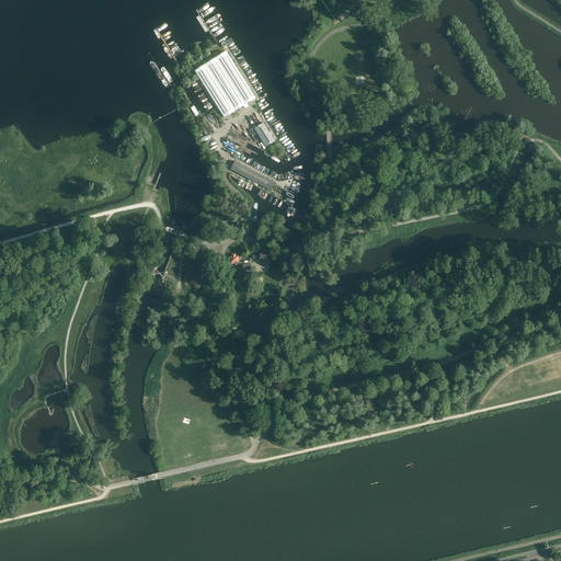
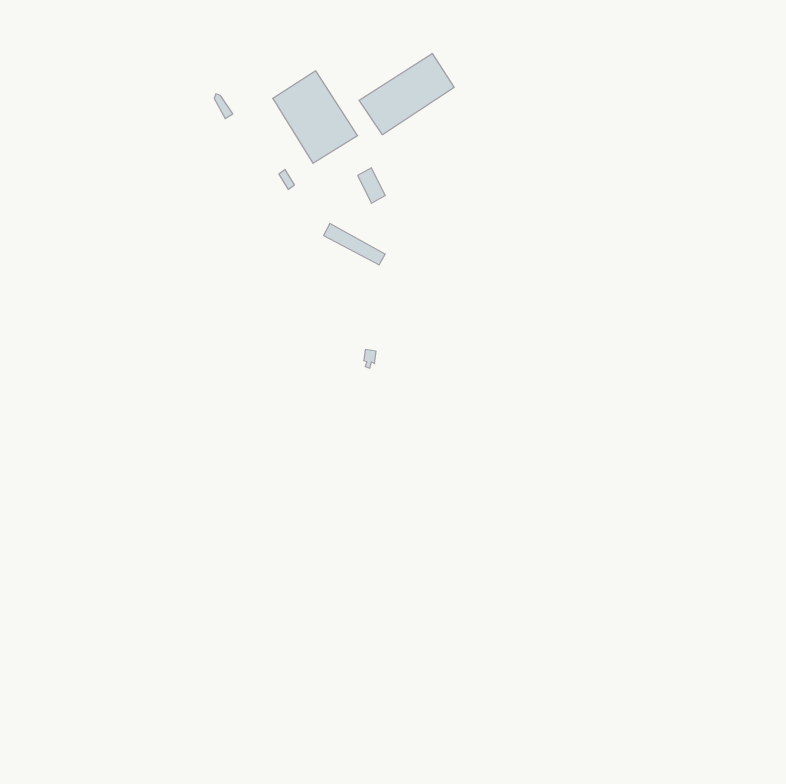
building: none -> [359,53,454,135]

